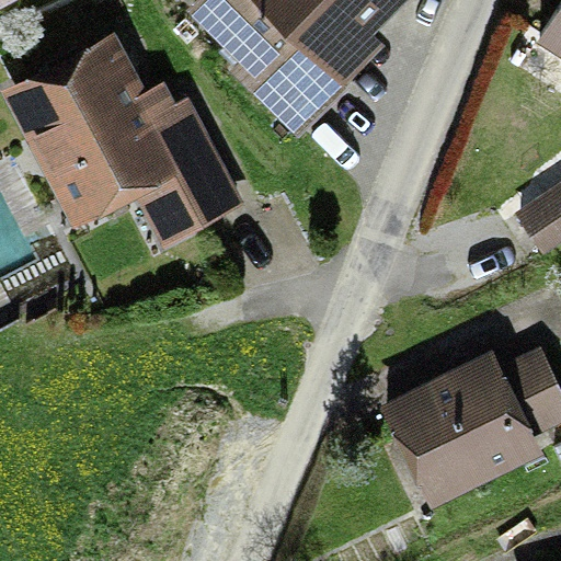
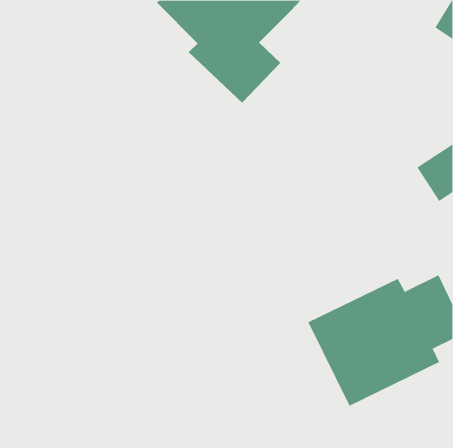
building: [13,47,237,225] -> none

